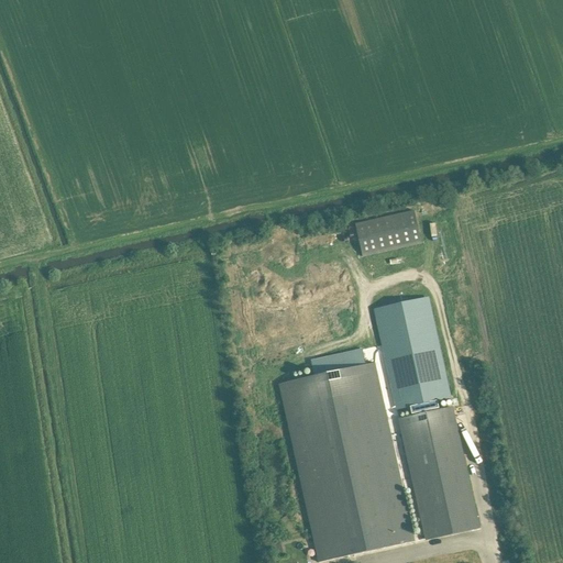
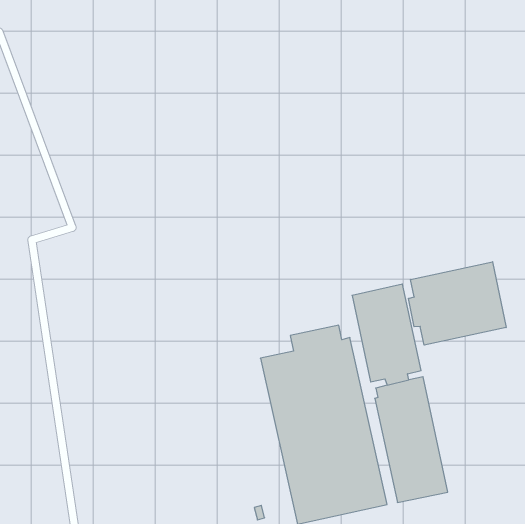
building: [354,209,421,255] -> none
building: none -> [408,262,506,345]

